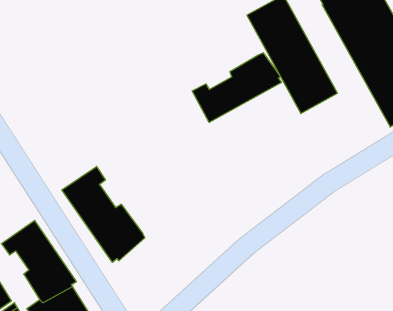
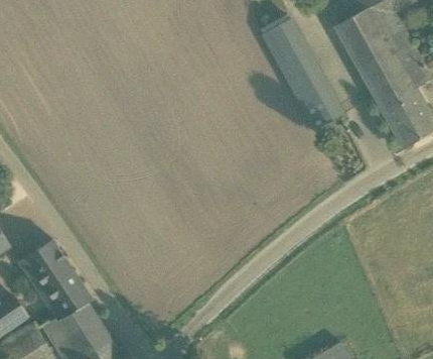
building: [192,53,281,122] -> none
building: [62,166,145,262] -> none

